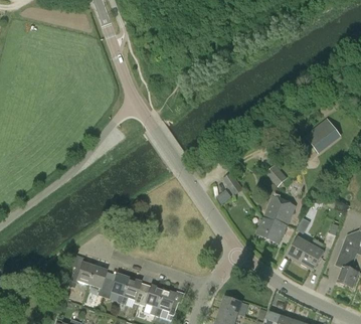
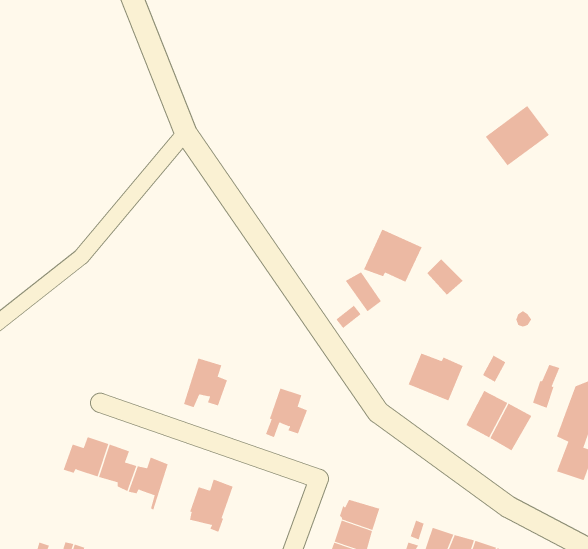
building: [305,118,340,151] -> [485,105,550,166]
building: [263,194,296,223] -> [363,229,423,282]
building: [119,277,143,304] -> [183,358,228,408]
building: [154,289,177,316] -> [265,388,308,438]

